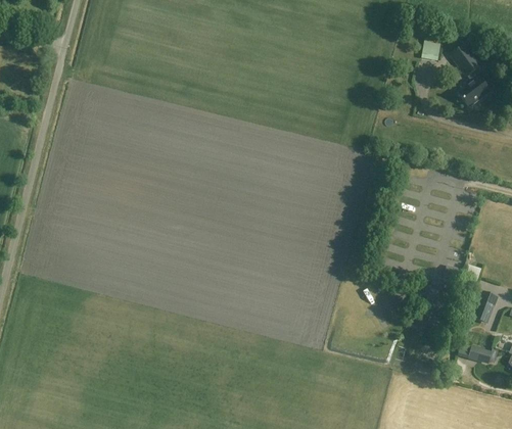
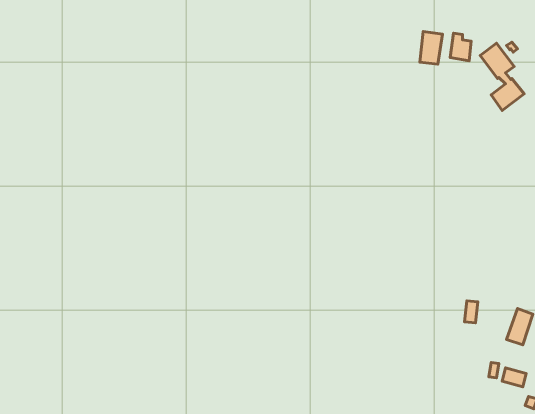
building: none -> [420,31,442,64]

